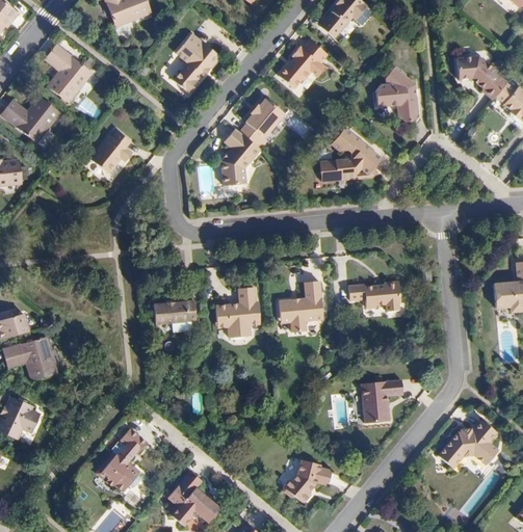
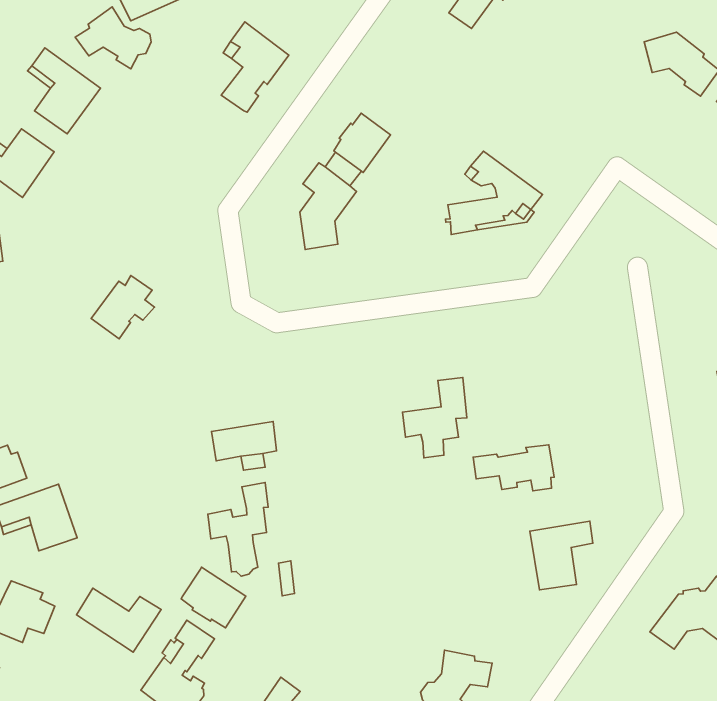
building: none -> [75,7,151,69]
building: [279,39,326,89] -> none
building: [375,70,417,124] -> none
building: [91,132,134,174] -> [91,276,155,339]
building: [347,281,400,311] -> [473,445,554,491]
building: [214,287,255,348] -> [208,482,268,576]
building: none -> [181,567,246,628]
building: none -> [76,588,161,652]

